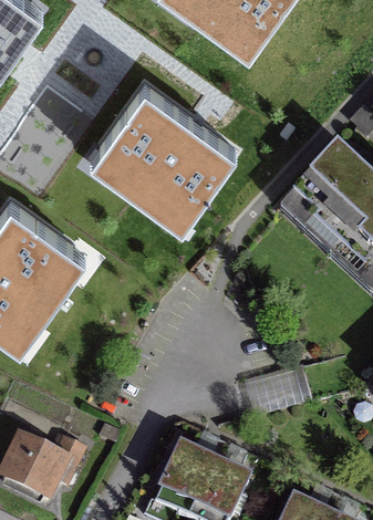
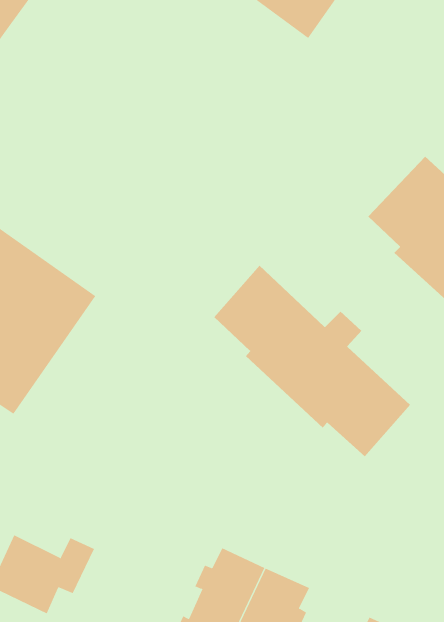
building: [86,85,234,226] -> none
building: none -> [213,265,411,457]

